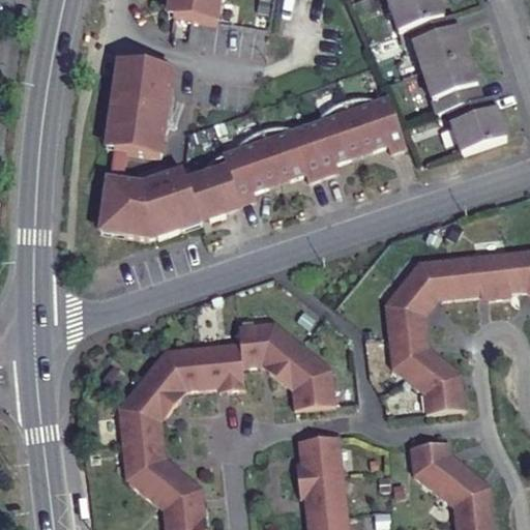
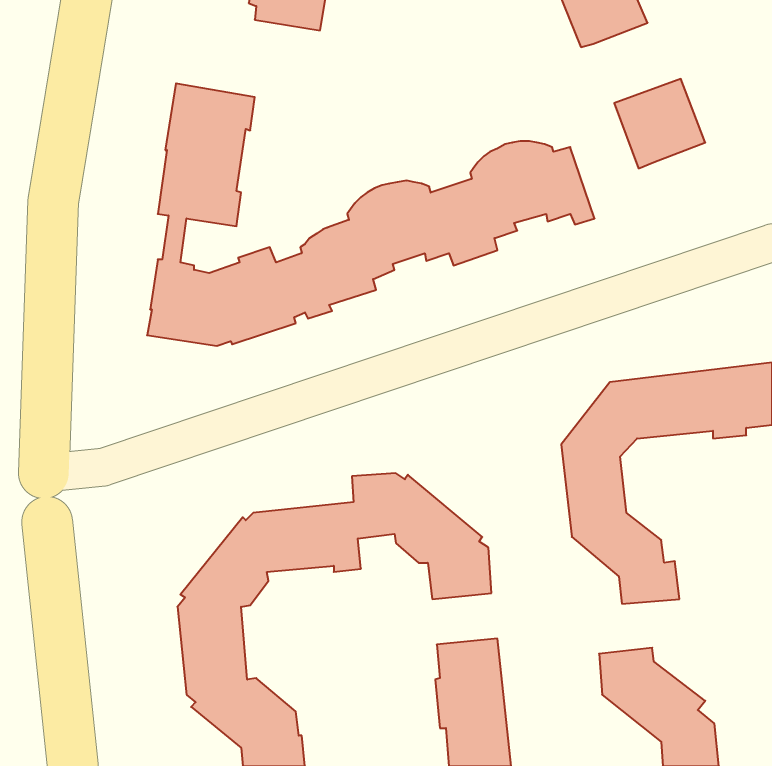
building: [405,13,465,70] -> none
building: [446,95,504,153] -> none

